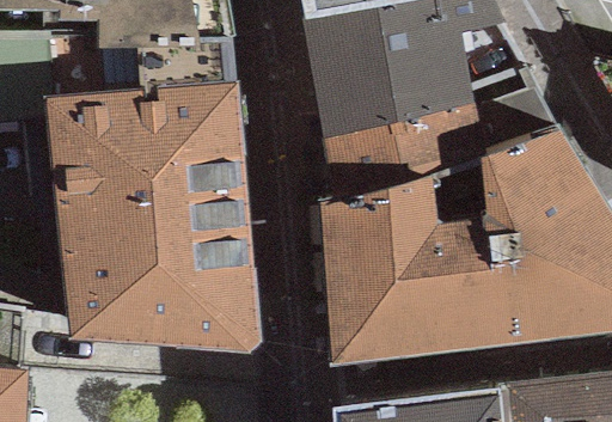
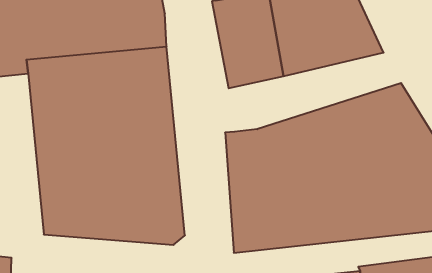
building: [323,90,559,198] -> none

